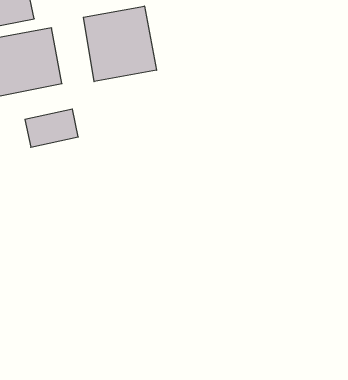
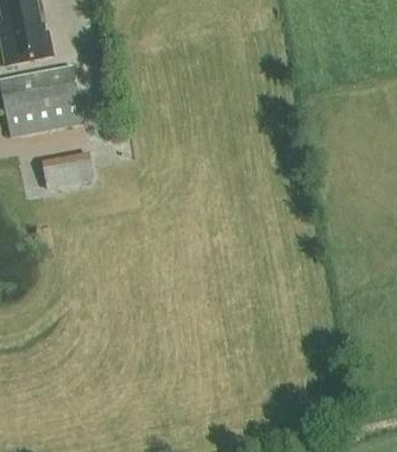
building: [83,6,157,82] -> none

